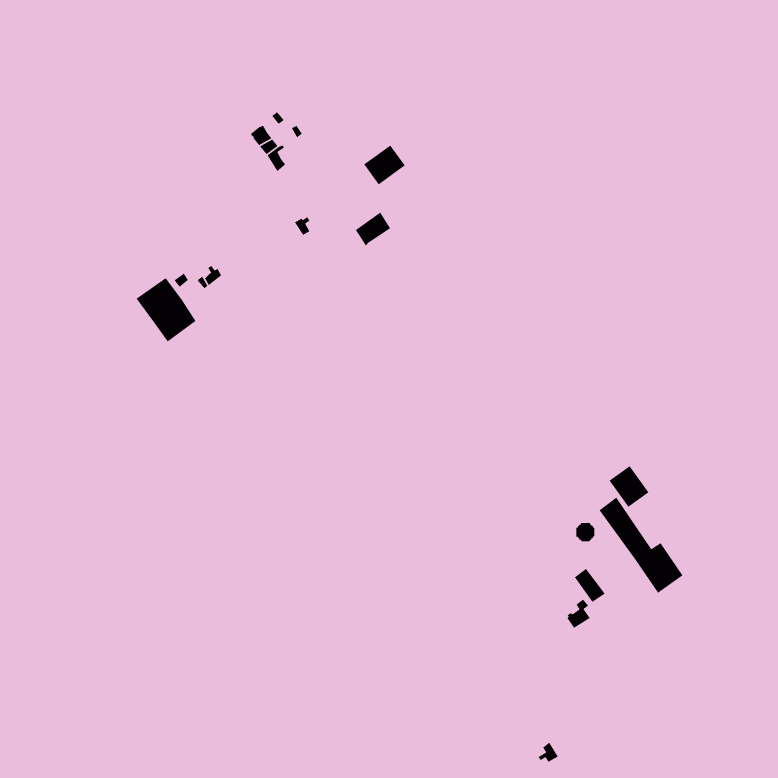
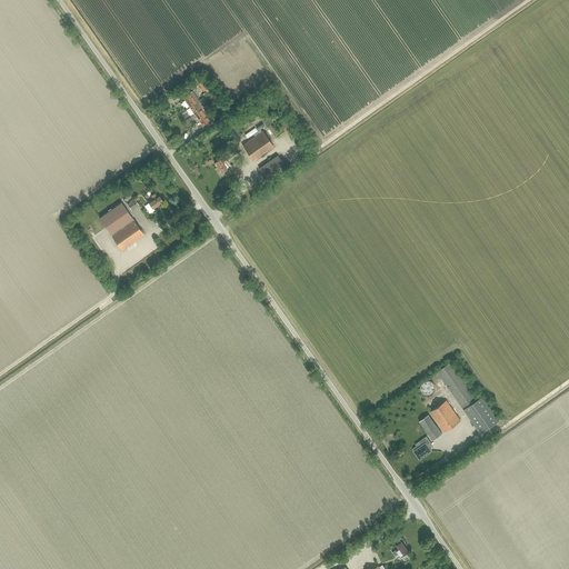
building: [363,144,406,185] -> [242,131,273,161]
building: [608,465,650,508] -> [430,401,460,432]

